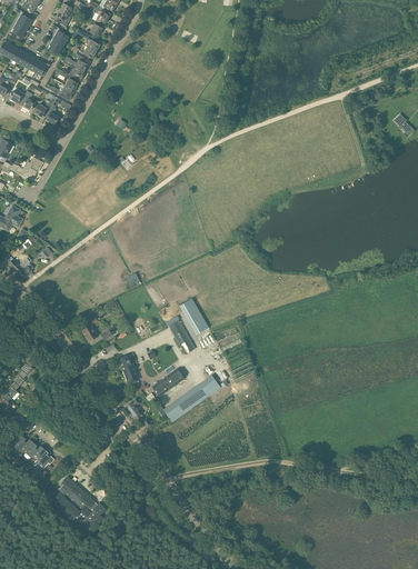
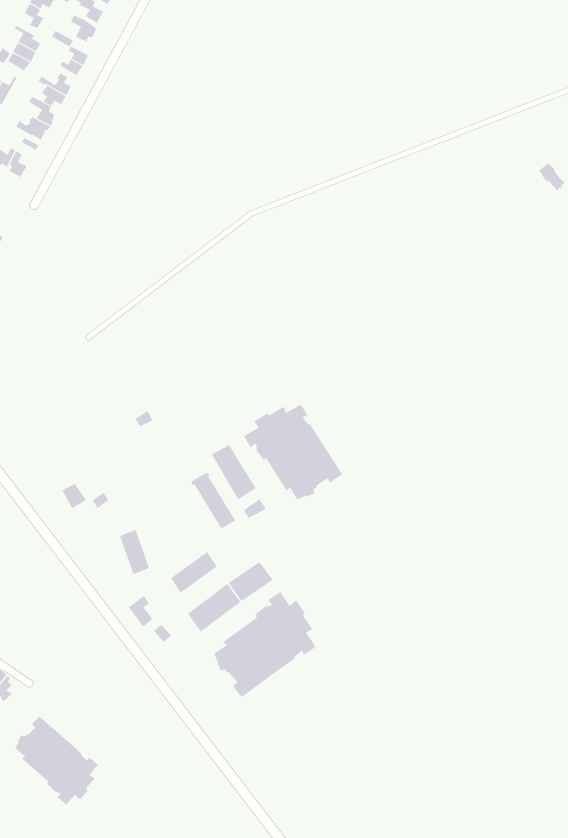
building: none -> [243,403,343,500]
building: none -> [213,591,317,698]

